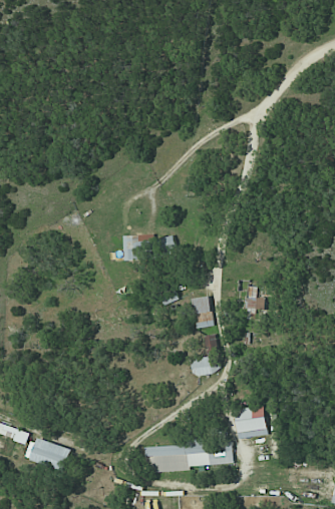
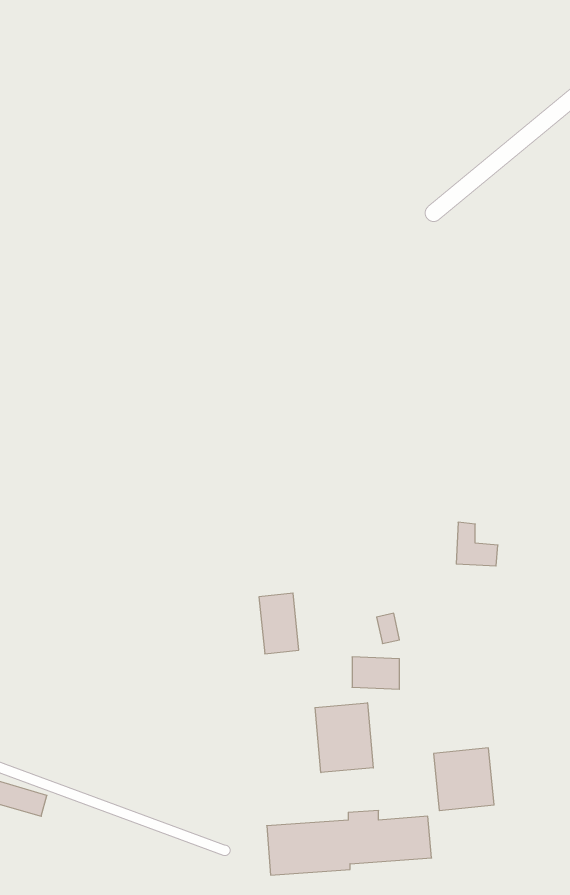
building: [191,297,212,329] -> [259,593,299,654]
building: none -> [315,703,373,773]
building: [26,437,70,472] -> none

